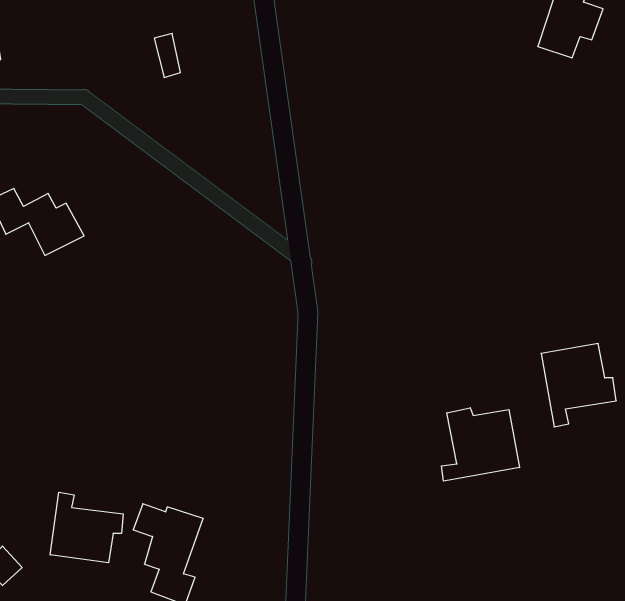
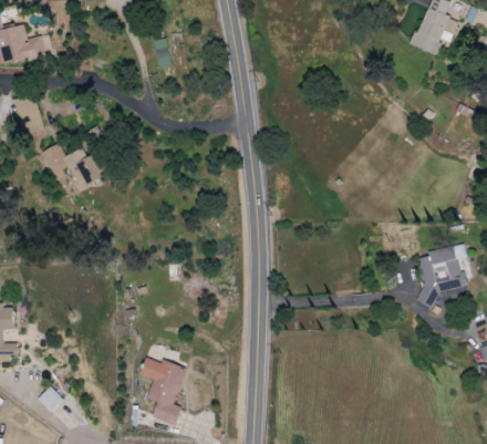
building: [441,408,520,481] -> none
building: [50,492,123,563] -> none

